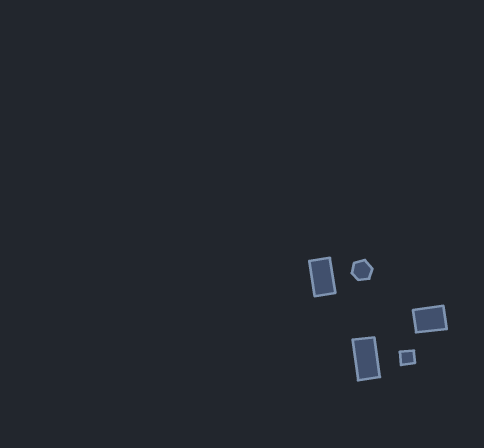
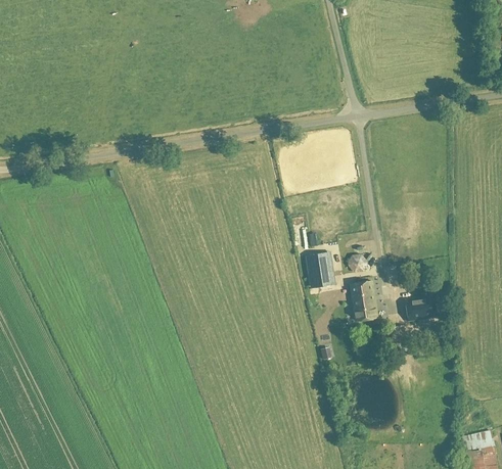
building: [353,338,380,380] -> [353,280,378,320]

